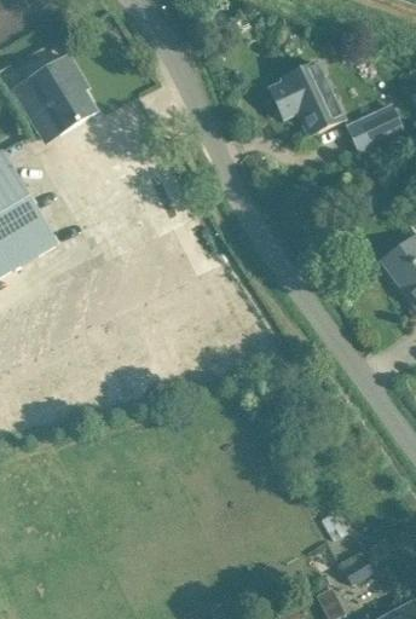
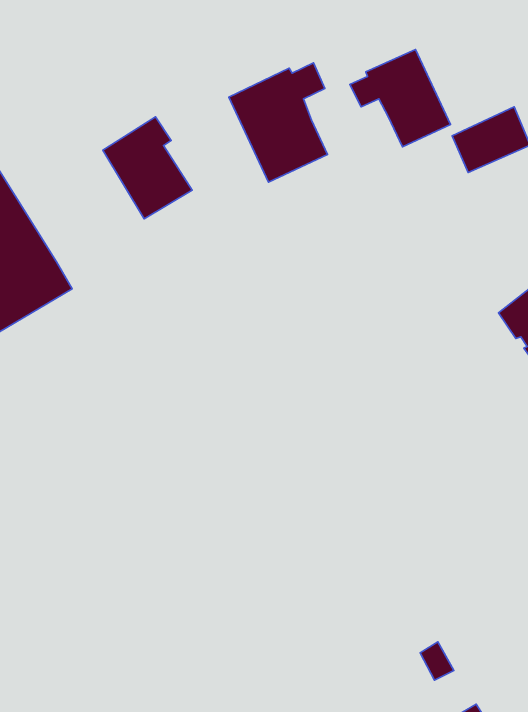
building: [28,54,96,132] -> [103,117,192,219]
building: none -> [229,63,328,182]

